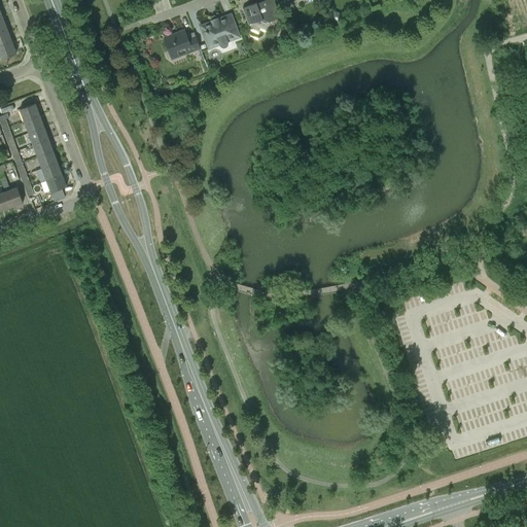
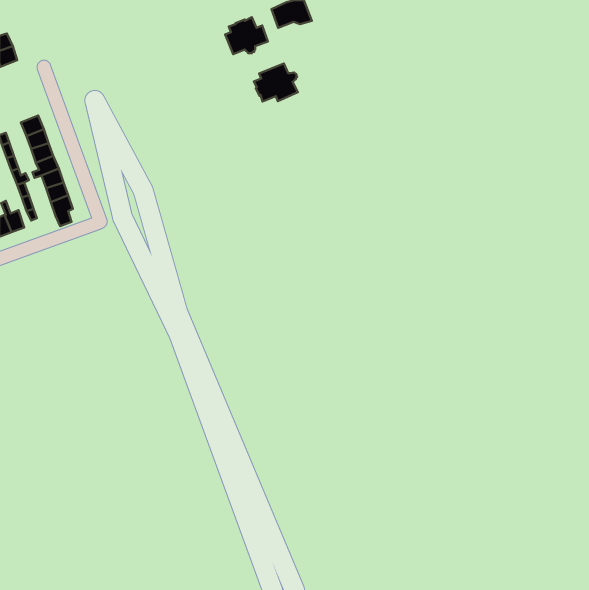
building: [163,30,200,57] -> none
building: none -> [254,63,298,101]

